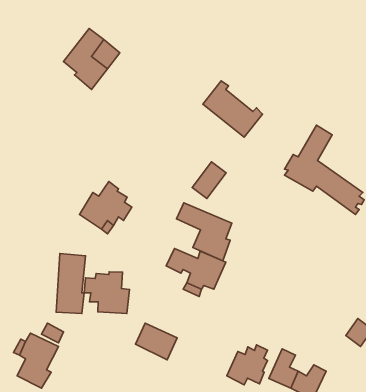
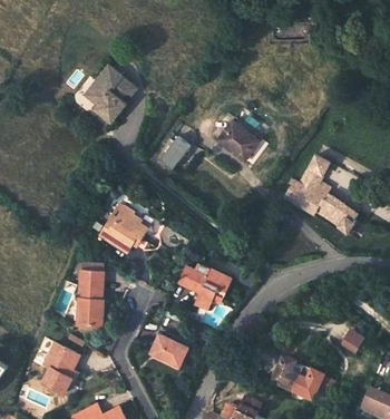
building: [192,162,226,198] -> [158,136,189,169]
building: [177,203,232,261] -> none
building: [84,272,129,314] -> none
building: [227,345,268,385] -> none

